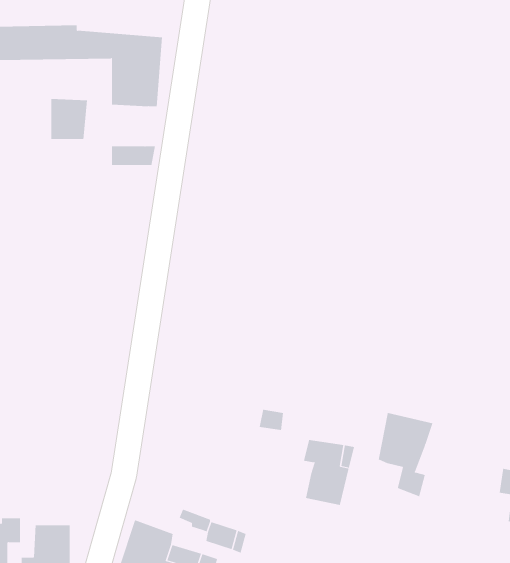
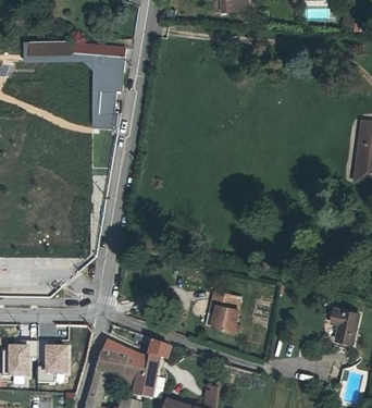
building: [50,98,88,139] -> [92,87,115,112]
building: [378,412,433,497] -> none

